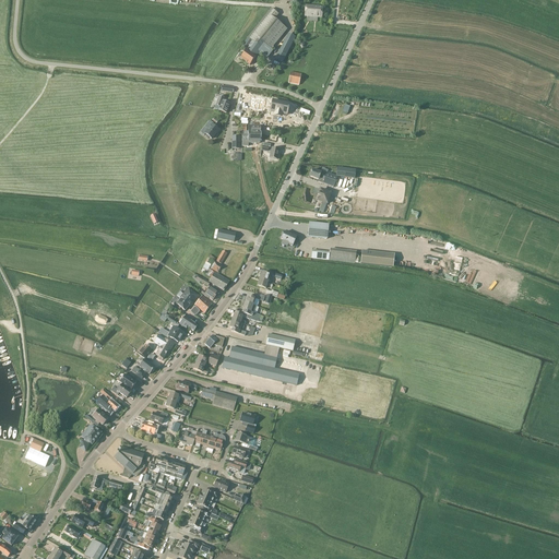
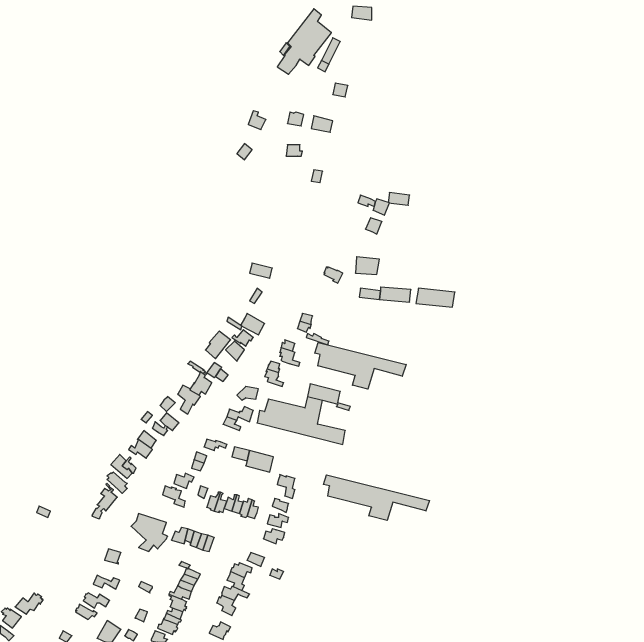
building: none -> [315,343,406,389]
building: none -> [323,475,430,520]

